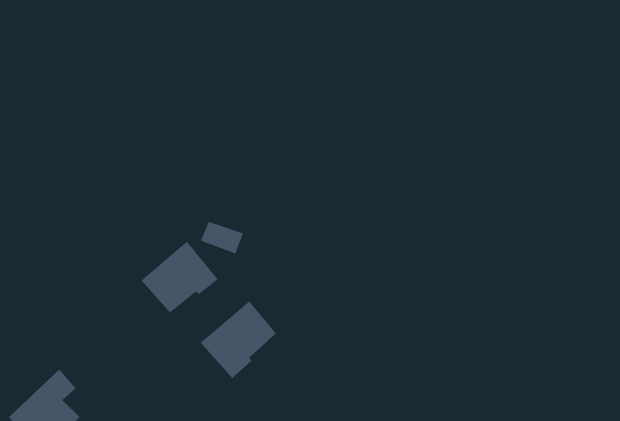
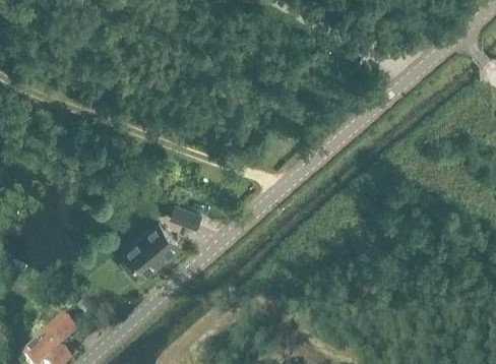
building: [200,300,277,379] -> none

